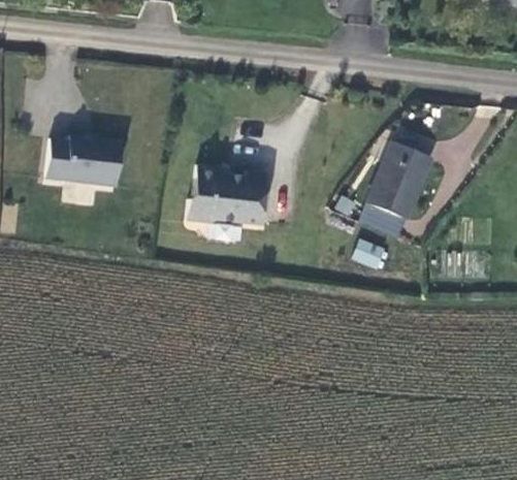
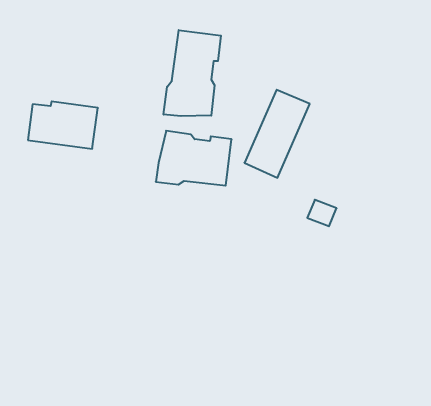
building: none -> [164,30,221,116]
building: [359,142,430,238] -> [244,90,310,178]

